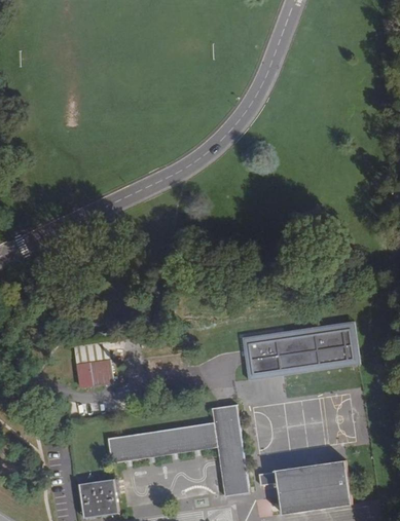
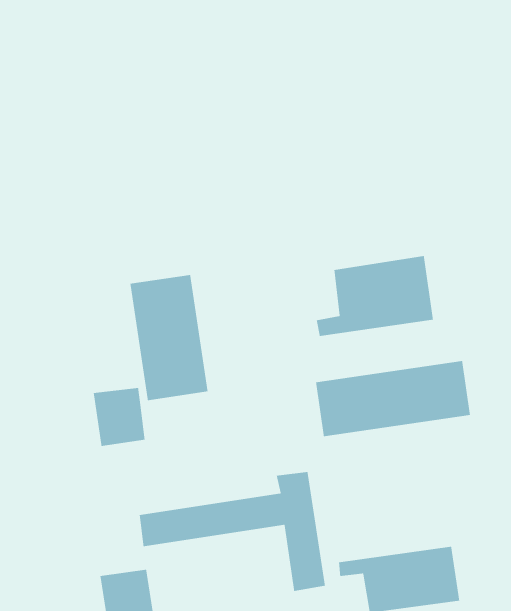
building: none -> [316,255,434,337]
building: none -> [130,274,209,401]

